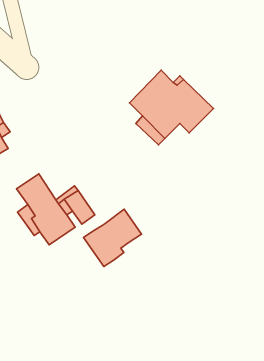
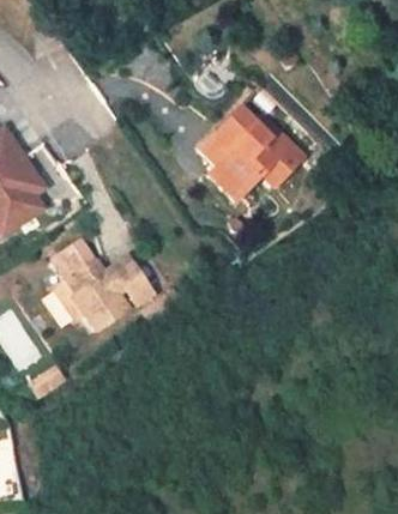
building: [84,209,142,267] -> none

